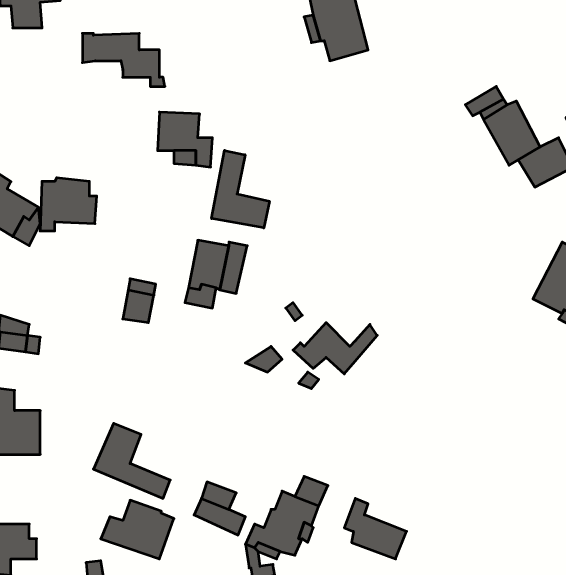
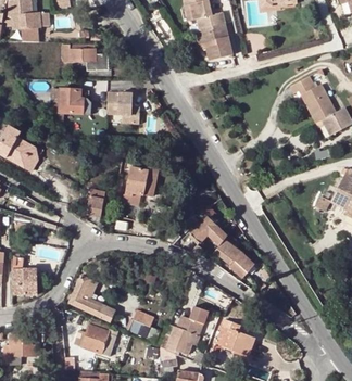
building: [212,150,269,228] -> none
building: [40,178,97,231] -> [50,88,84,119]
building: none -> [212,239,253,278]

